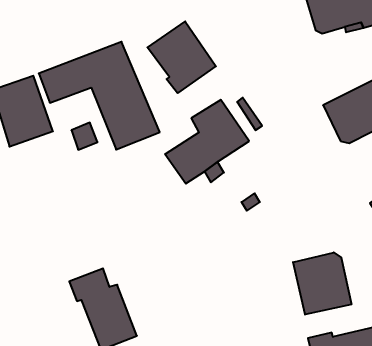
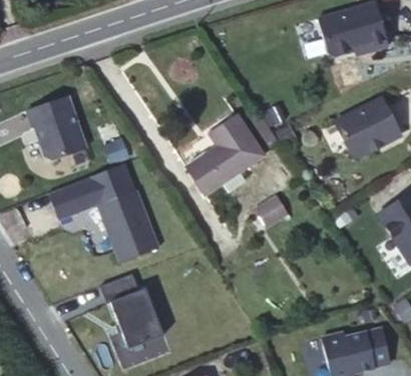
building: [147,21,216,93] -> none
building: [39,42,160,150] -> [48,162,159,262]
building: [293,252,351,315] -> none

